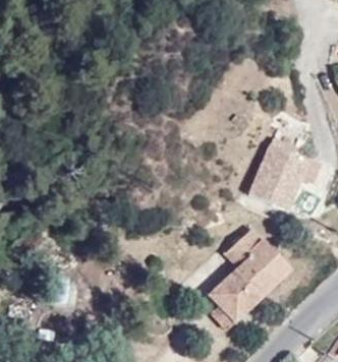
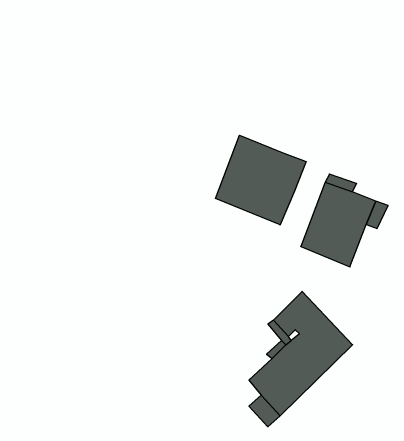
building: none -> [216,135,306,225]

